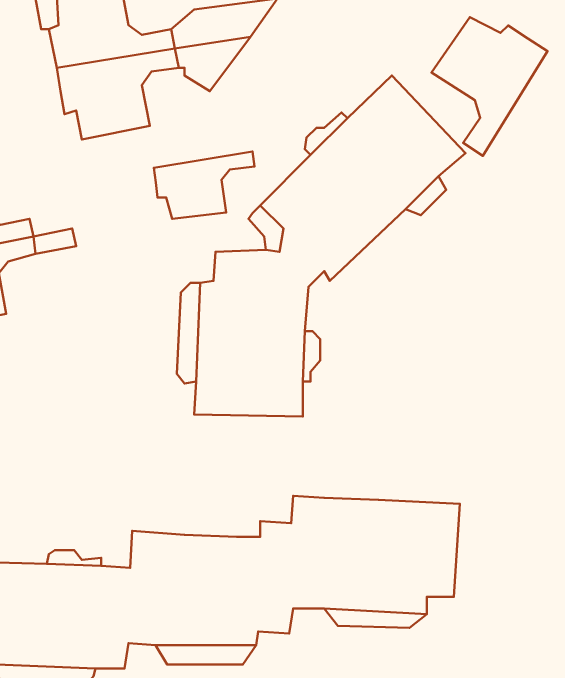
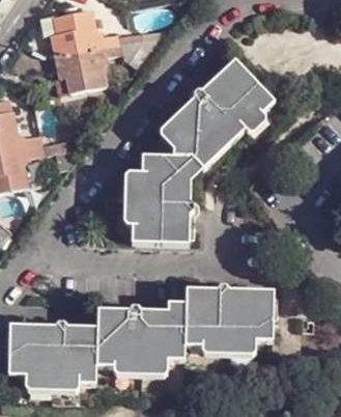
building: [432,17,547,156] -> none
building: [154,152,254,219] -> none

